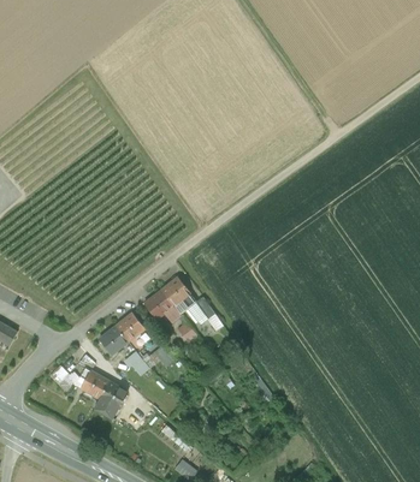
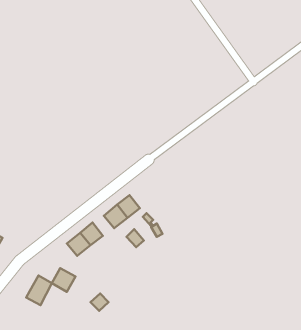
building: [93,381,125,418] -> [26,276,52,305]

